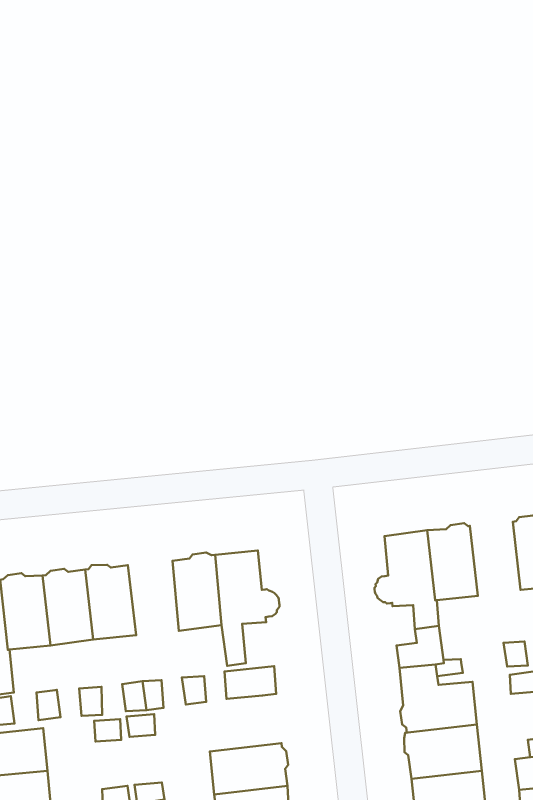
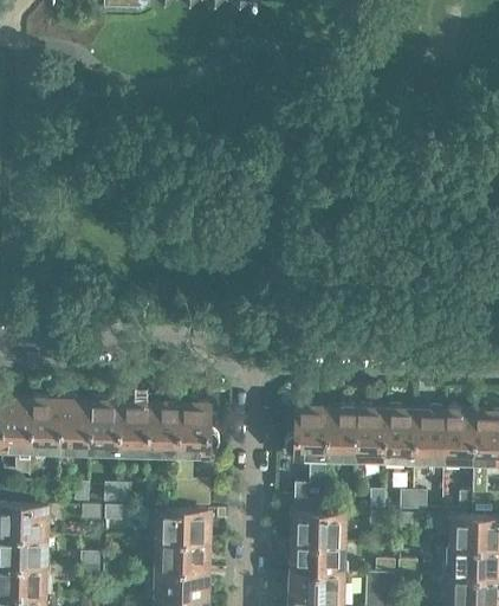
building: none -> [355,410,385,460]
building: none -> [118,404,150,456]
building: none -> [157,511,210,542]

